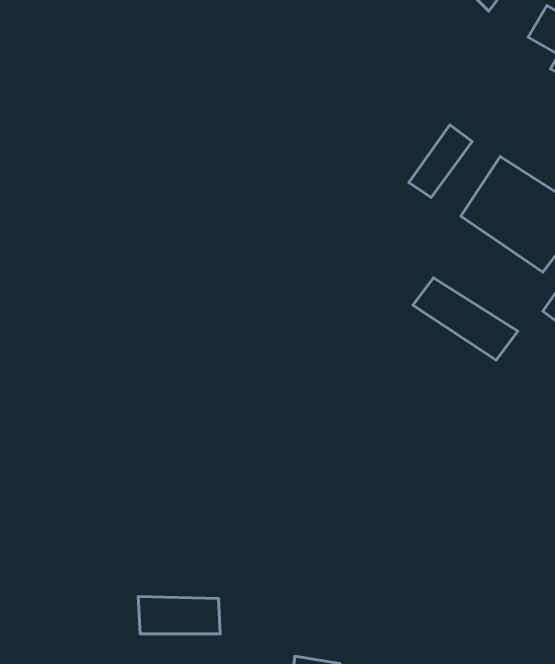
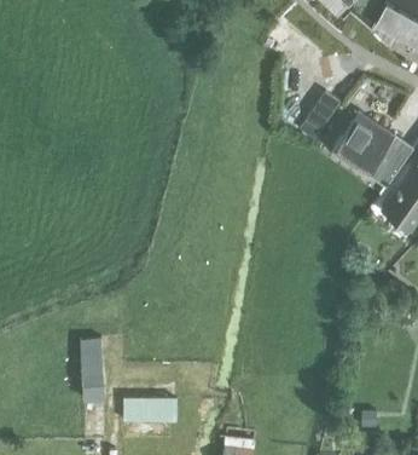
building: [413,278,518,360] -> none
building: none -> [81,338,106,403]

